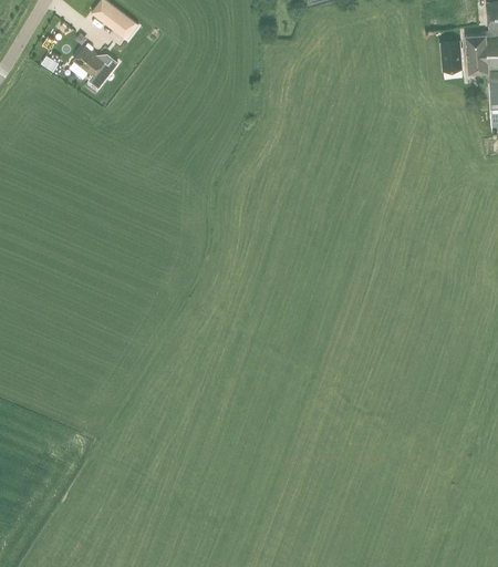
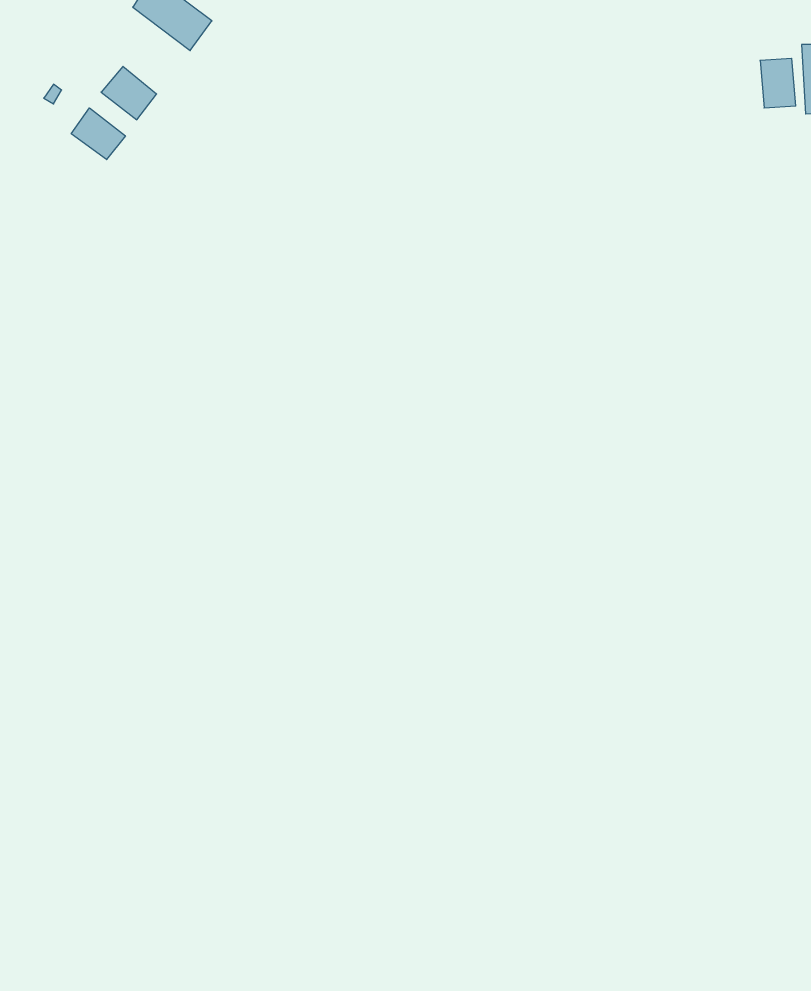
building: none -> [71,108,125,160]

